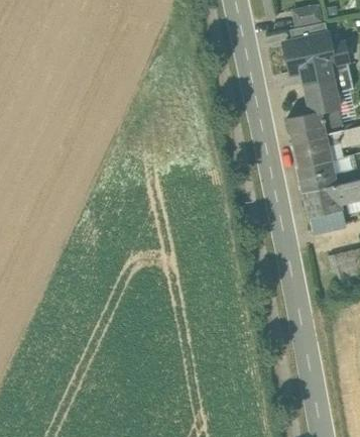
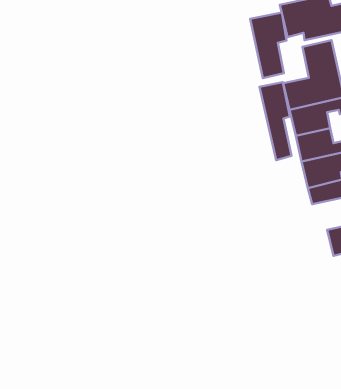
building: none -> [250,13,286,78]
building: none -> [260,82,292,160]

